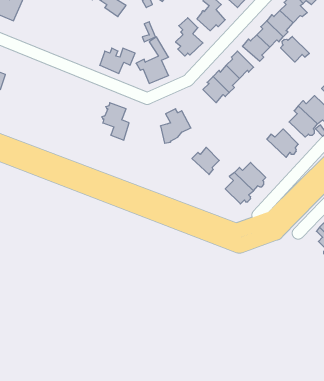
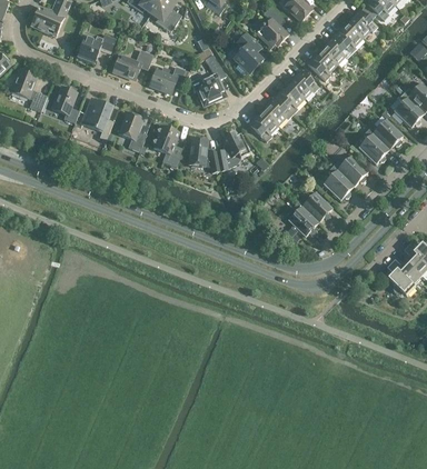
building: none -> [77,33,115,63]
building: none -> [112,49,152,79]
building: [281,36,309,62] -> none
building: none -> [51,87,79,122]
building: none -> [81,98,112,140]
building: none -> [118,112,146,151]
building: none -> [188,137,220,172]
building: none -> [322,166,354,200]
building: [192,147,219,175] -> [247,111,277,141]

